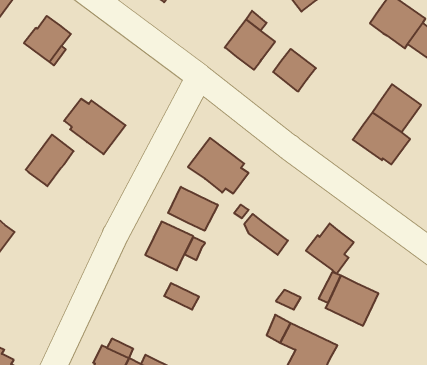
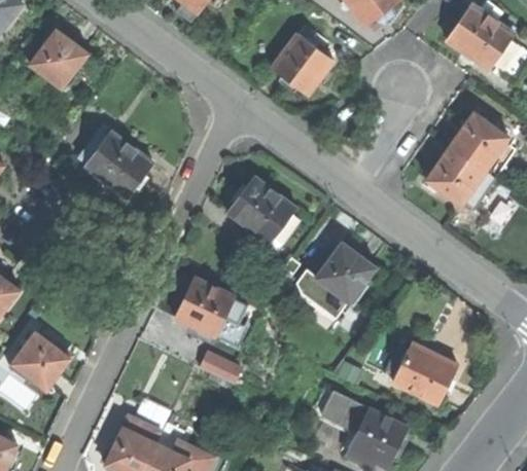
building: [273,49,316,91] -> none
building: [26,135,74,186] -> none
building: [168,187,218,231] -> none
building: [306,223,354,274] -> [316,244,374,304]
building: none -> [8,331,70,388]

